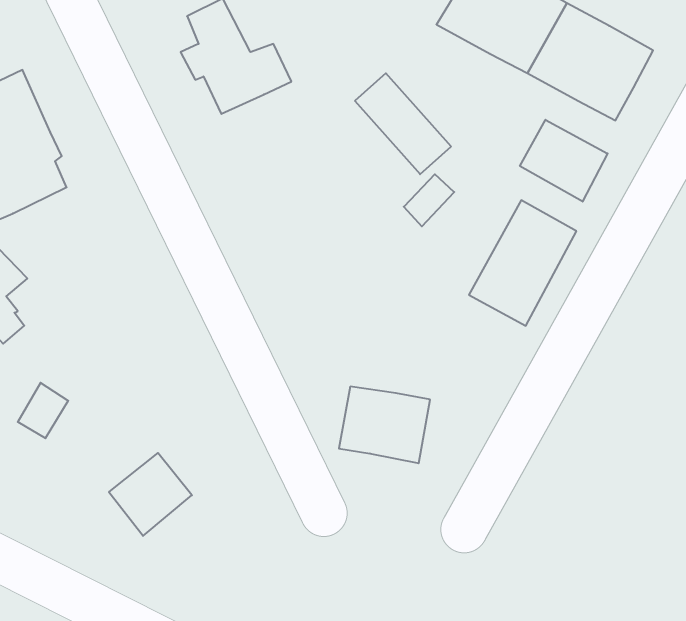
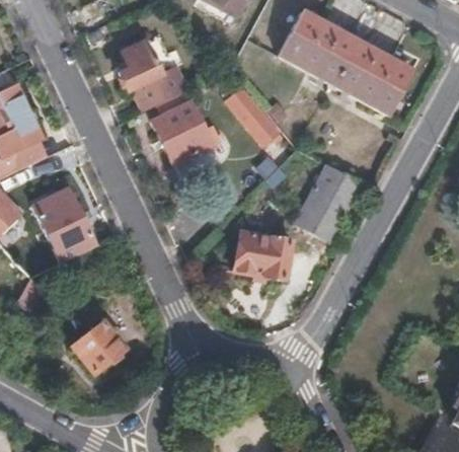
building: none -> [151,101,218,165]
building: [520,120,608,202] -> none
building: none -> [39,198,91,250]
building: [339,387,430,463] -> [235,231,292,279]

